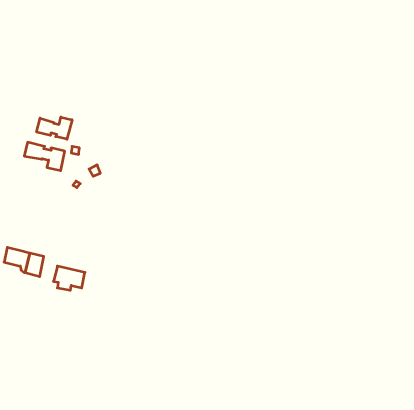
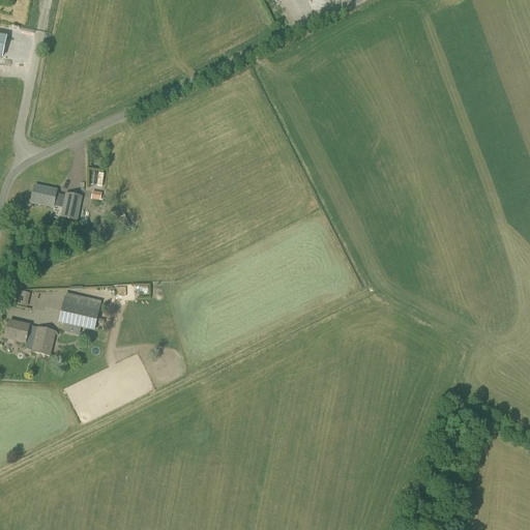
building: [37,117,72,139] -> none
building: [53,266,85,290] -> [58,300,98,331]

